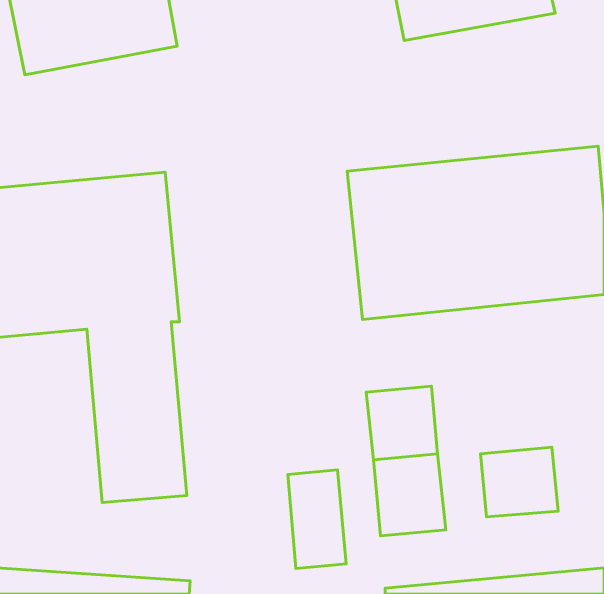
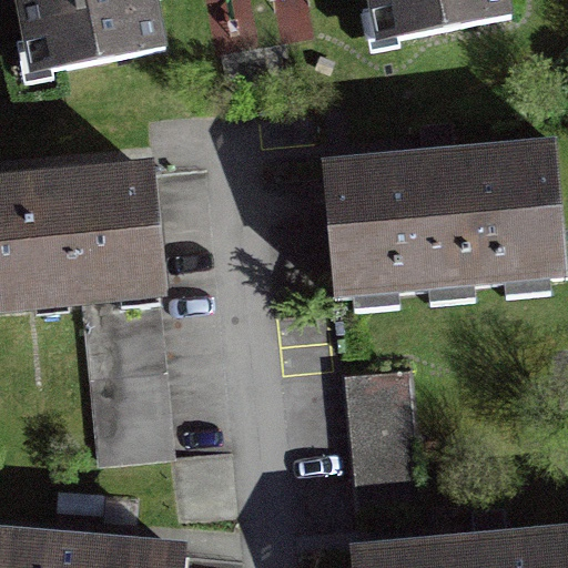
building: [481,447,558,517] -> none
building: [288,470,346,569] -> none

